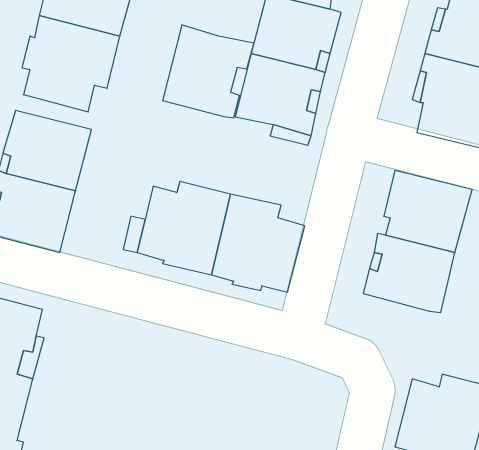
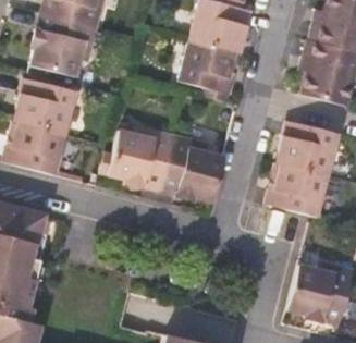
building: [163,25,254,118] -> none

